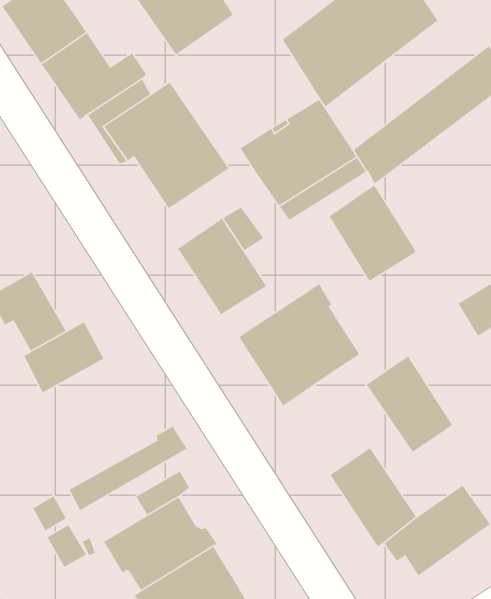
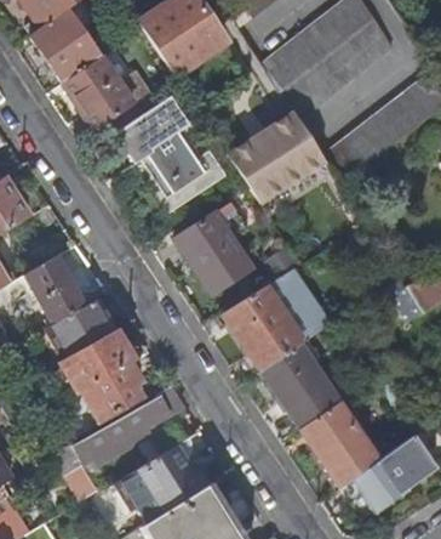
building: [328,185,416,282] -> none
building: [366,355,453,453] -> [264,344,337,425]
building: none -> [58,328,141,421]

